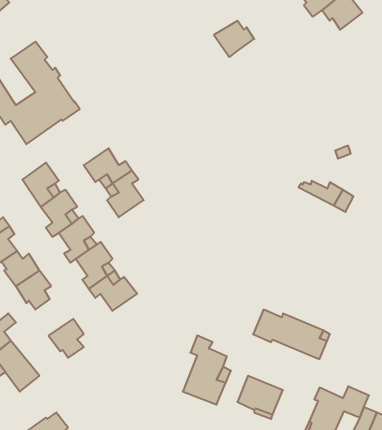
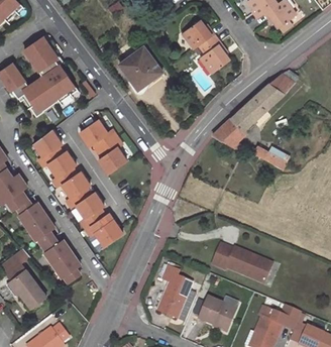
building: none -> [198,35,228,74]
building: none -> [119,47,161,90]
building: none -> [212,70,298,151]
building: none -> [42,237,72,265]

